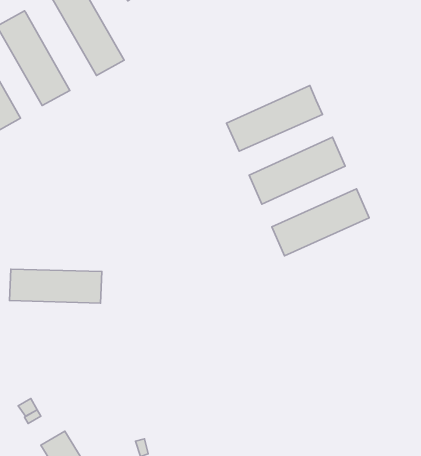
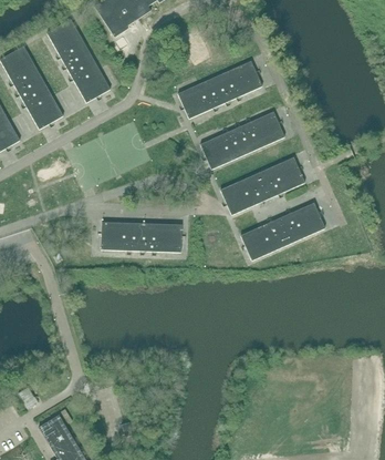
building: none -> [177,60,262,119]
building: [10,269,102,303] -> [101,222,181,252]

